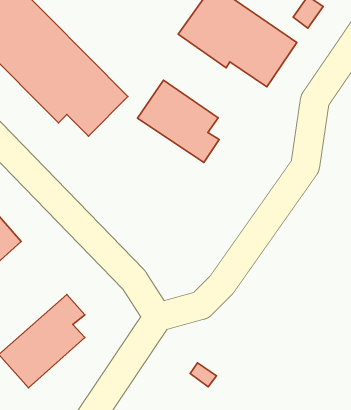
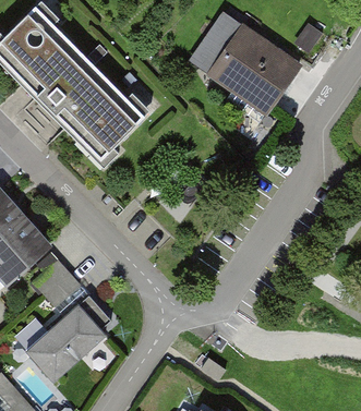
building: [138,80,219,162] -> none
building: none -> [34,262,81,307]

